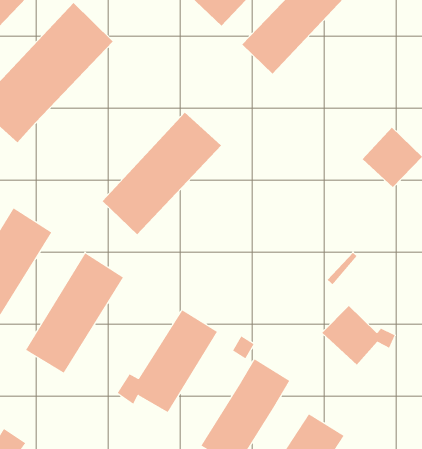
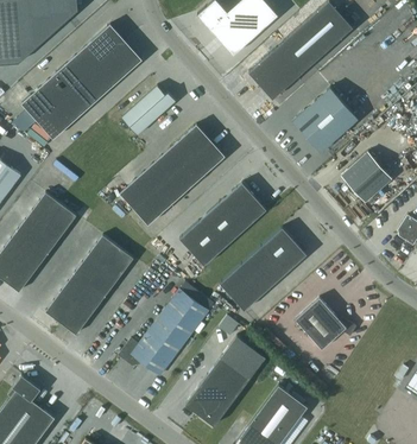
building: none -> [292,88,358,152]
building: none -> [121,87,176,135]
building: none -> [179,183,266,266]
building: none -> [220,228,307,311]

